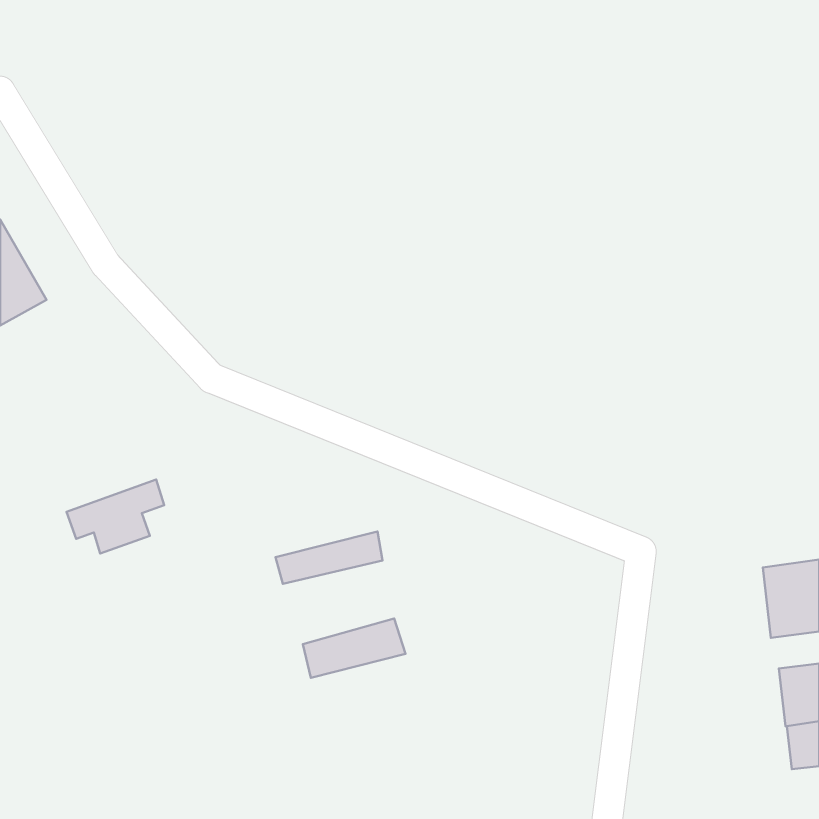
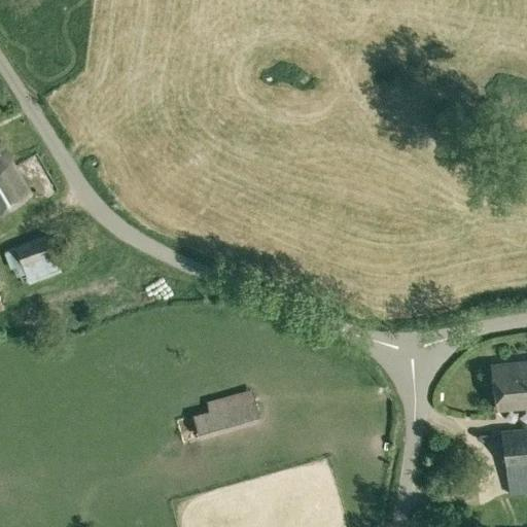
building: [66,480,164,553] -> [5,231,68,278]
building: [276,531,382,584] -> none

